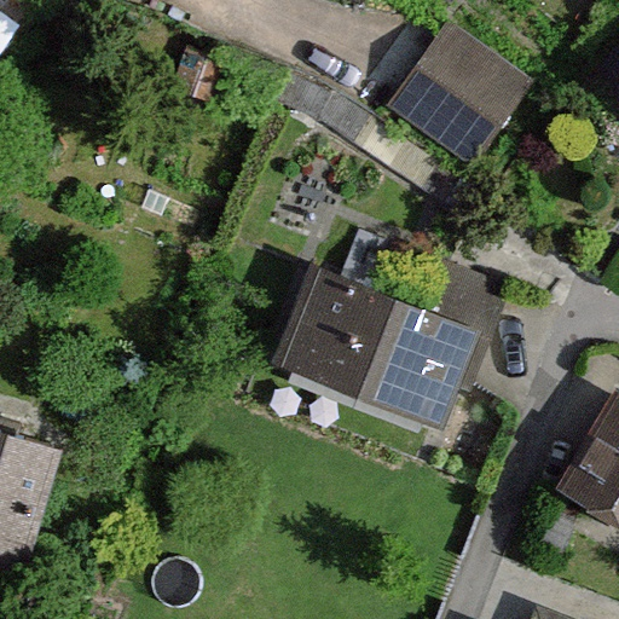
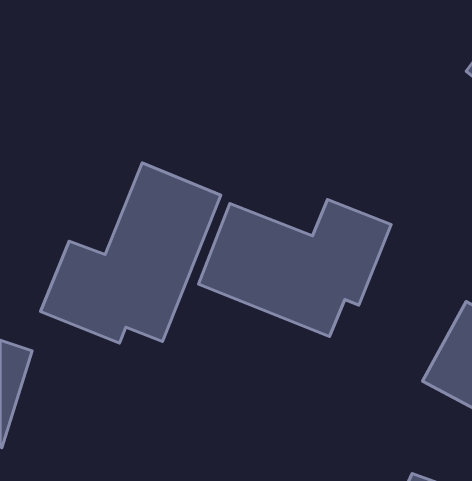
building: [387,19,534,167] -> none
building: none -> [40,163,221,343]

